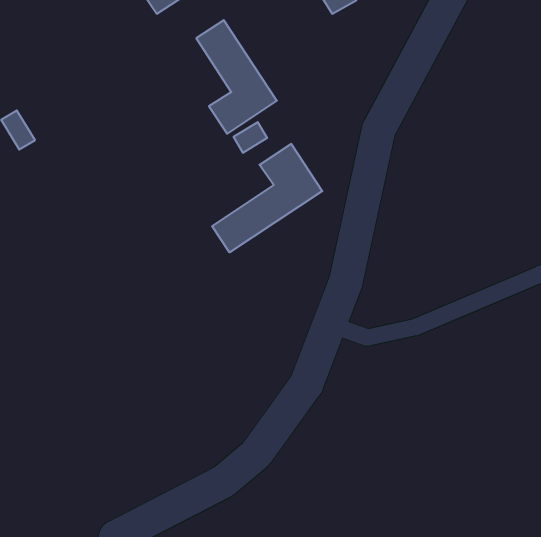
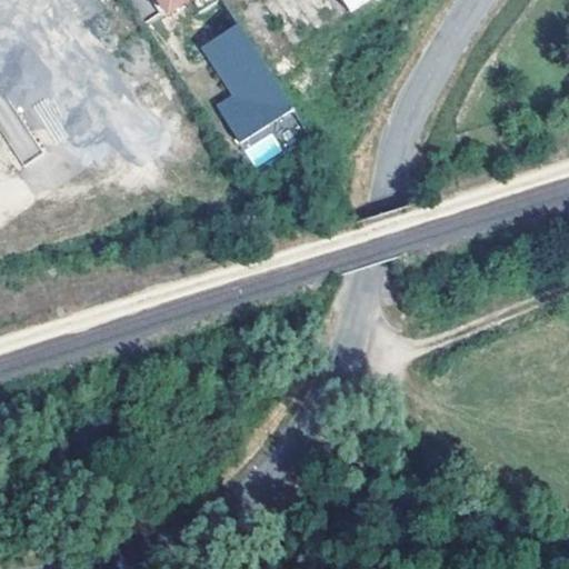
building: [212,144,322,252] -> none

